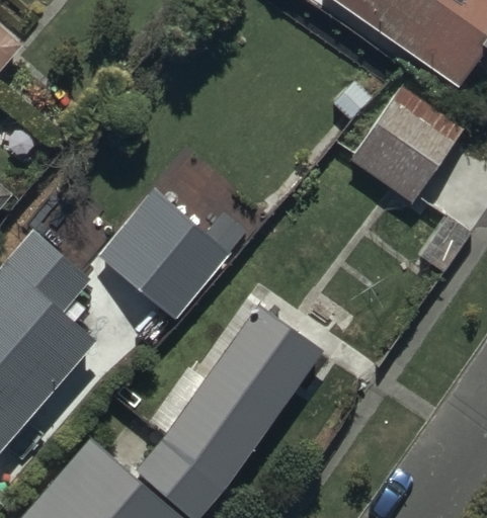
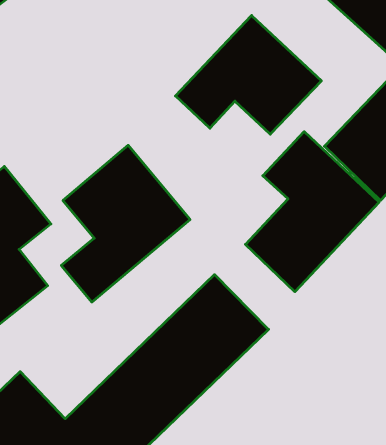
building: none -> [175,15,321,134]
building: none -> [245,132,379,292]

